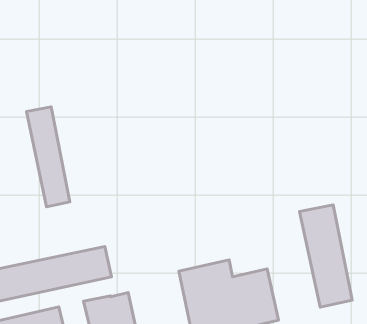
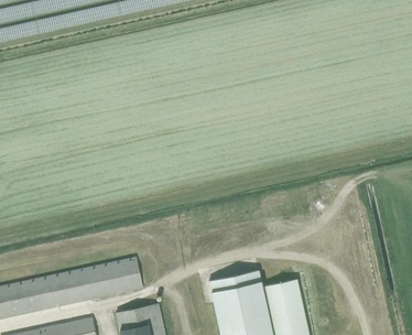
building: [27,107,70,207] -> none
building: [299,205,352,307] -> none

